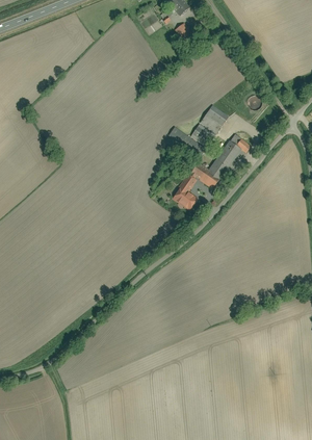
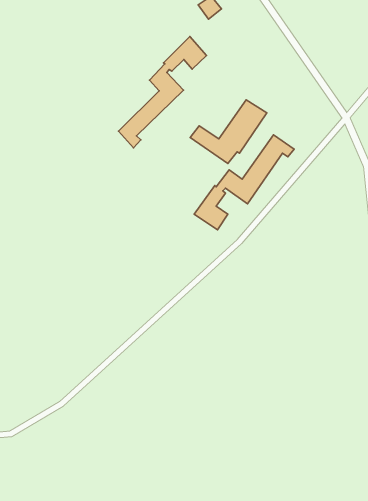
building: none -> [118,36,207,148]

